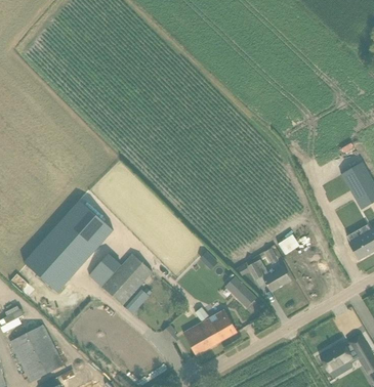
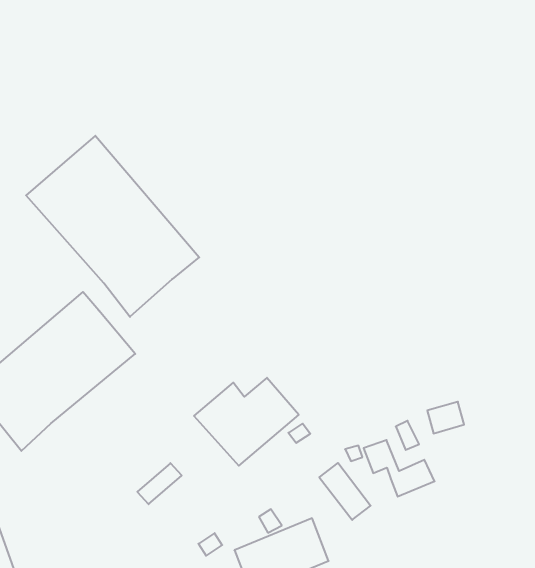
building: none -> [26,136,199,317]
building: [93,254,152,305] -> [194,378,299,466]

